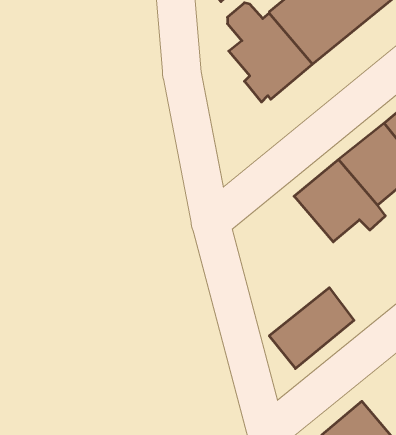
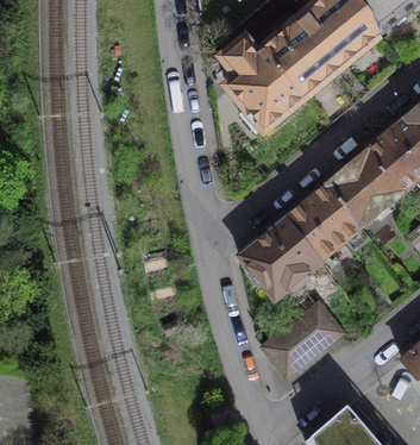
building: none -> [239,215,321,296]

